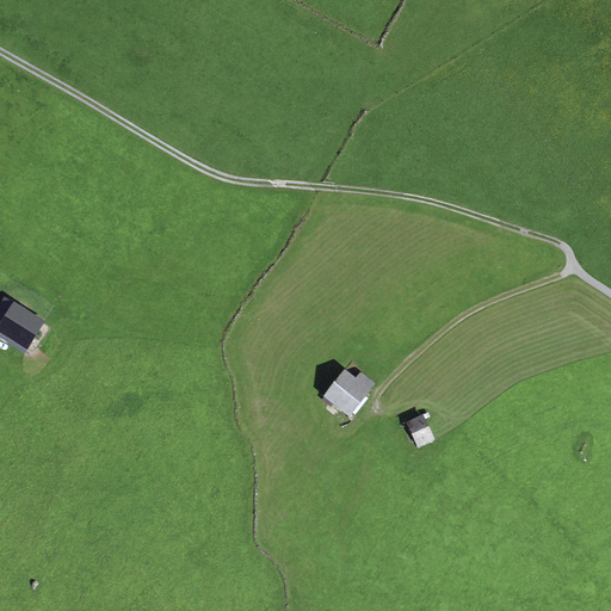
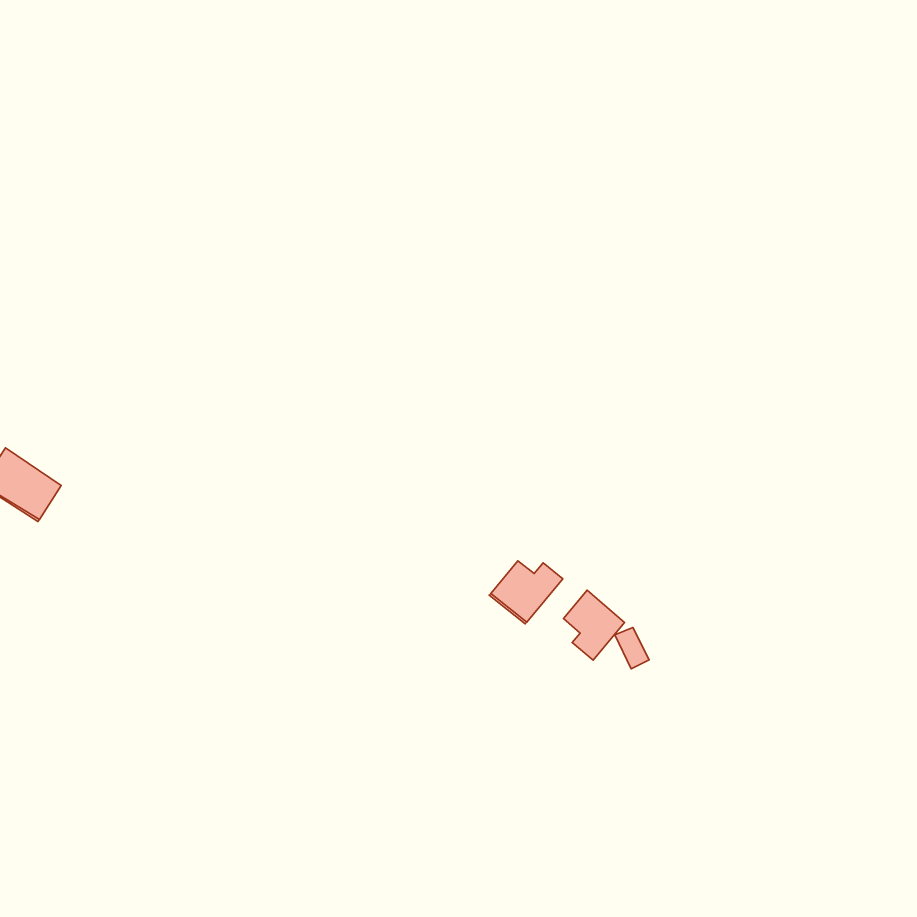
building: none -> [564,590,625,660]

